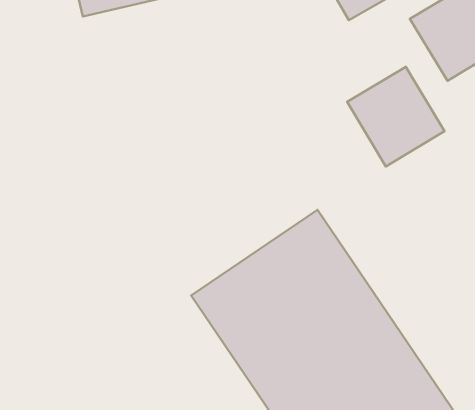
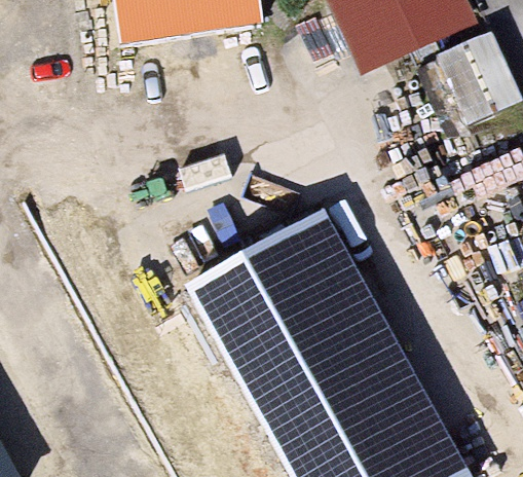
building: [347,67,444,166] -> none

